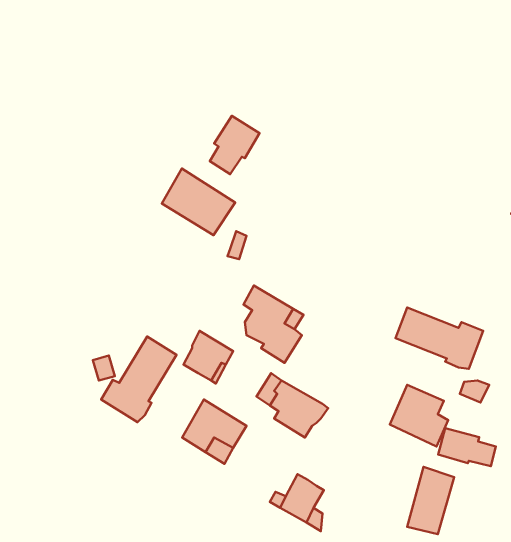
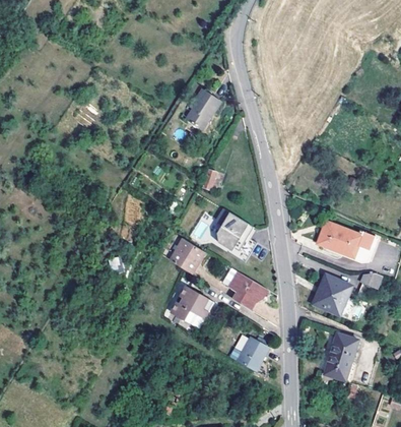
building: [162,168,235,235] -> none
building: [101,336,176,422] -> none
building: [438,428,496,466] -> none

